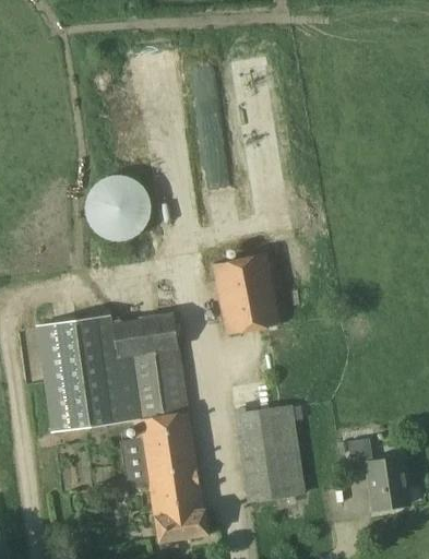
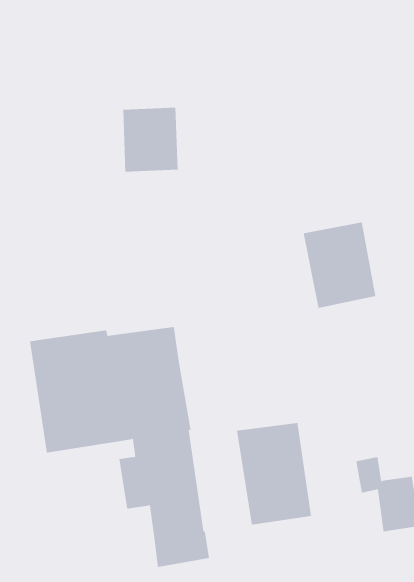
building: [91,174,144,236] -> [122,107,178,172]
building: [211,252,281,335] -> [303,222,376,309]

